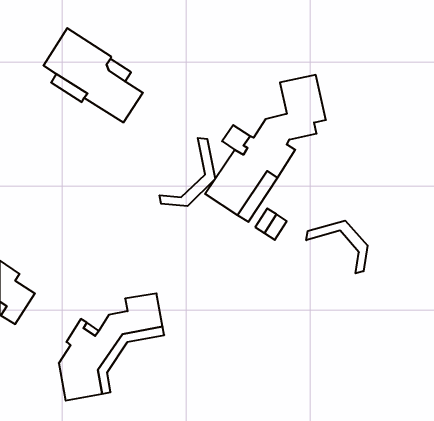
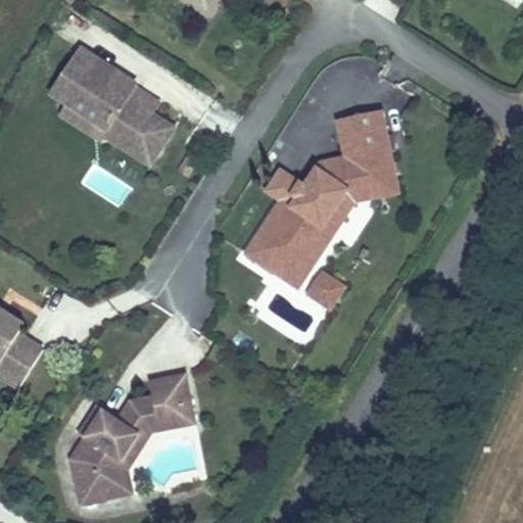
building: none -> [344,160,397,196]
building: [160,138,215,206] -> none
building: [306,221,368,273] -> none

